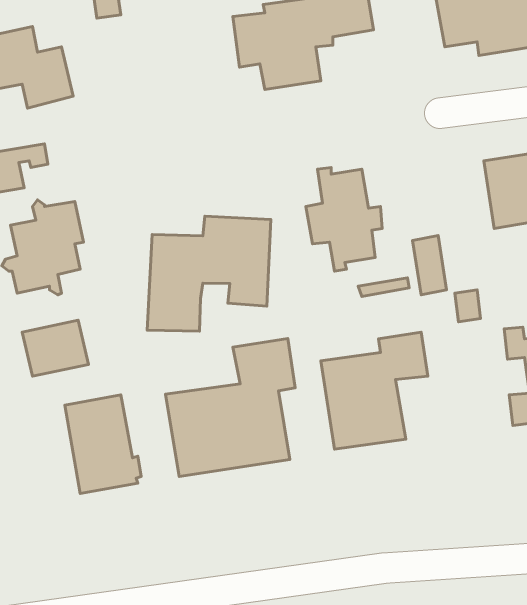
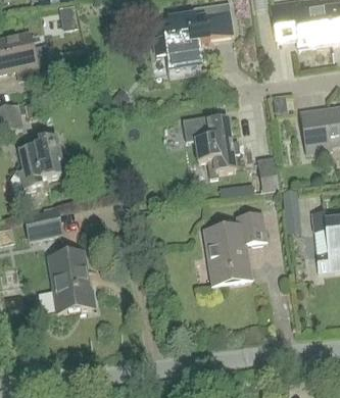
building: [147,216,271,331] -> none
building: [166,339,295,477] -> none

